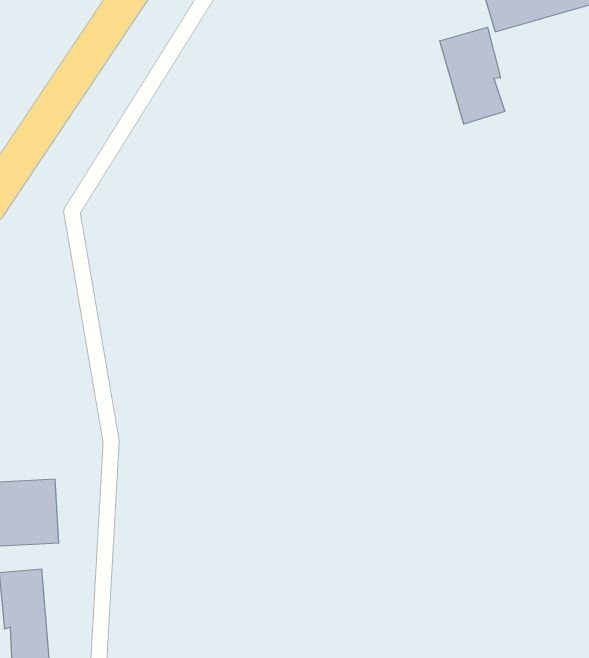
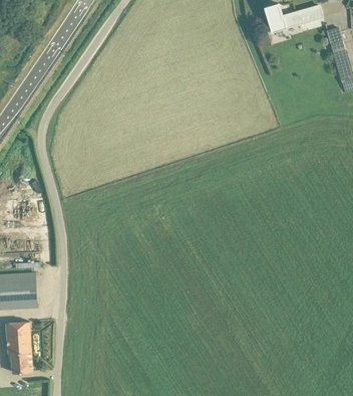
building: [440,27,505,124] -> none

